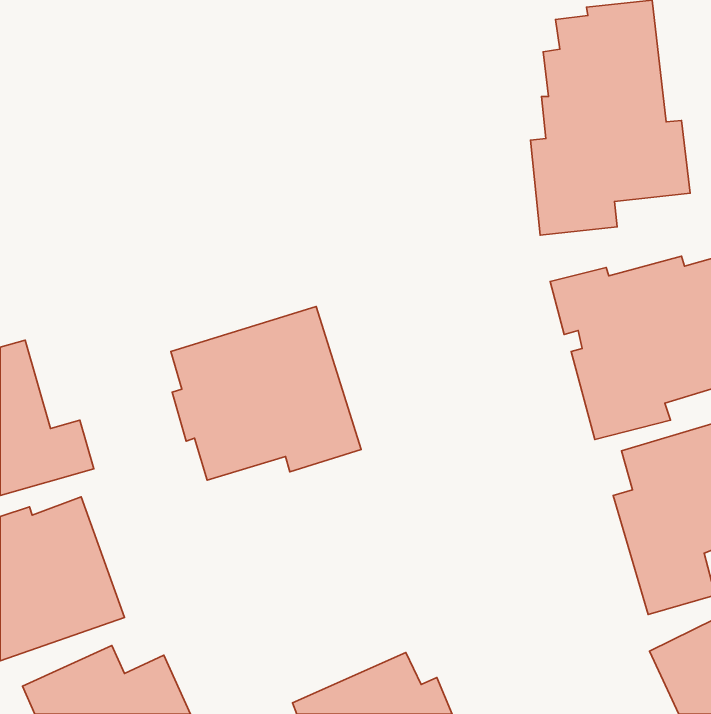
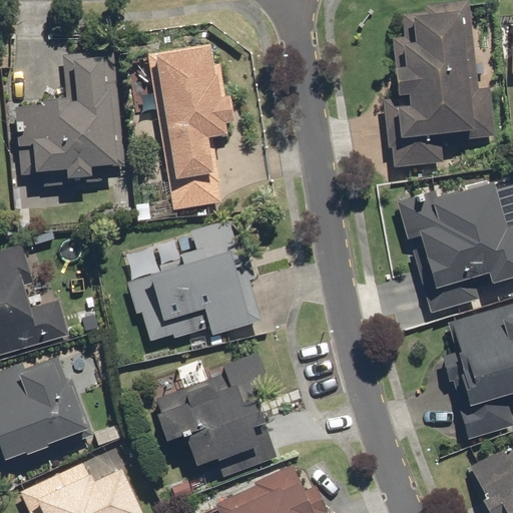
building: none -> [147,43,231,211]
building: none -> [10,51,126,180]
building: none -> [147,353,275,475]

